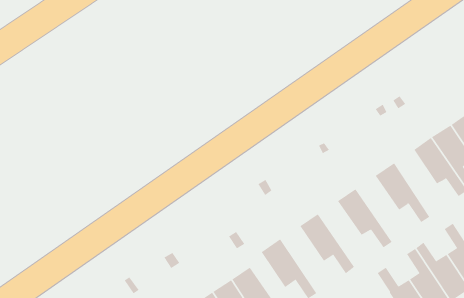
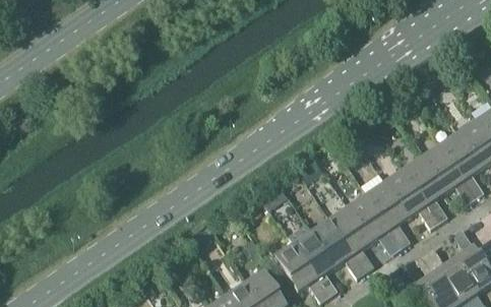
building: none -> [404,157,446,222]
building: none -> [366,182,410,246]
building: none -> [329,206,373,270]
building: none -> [287,222,336,296]

